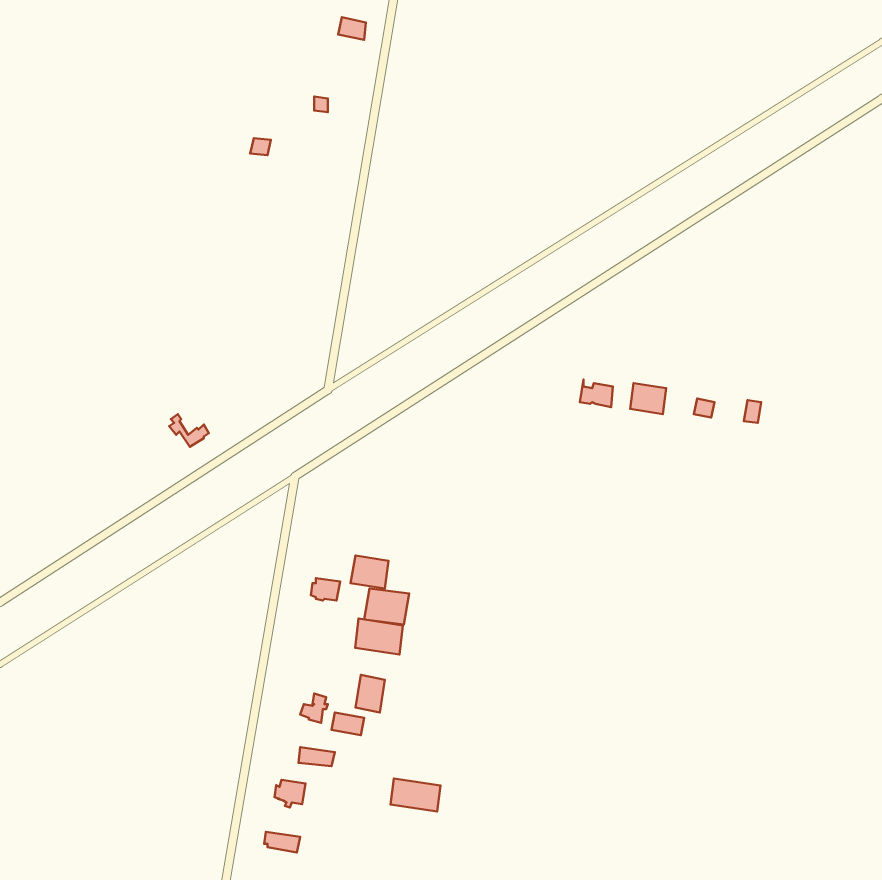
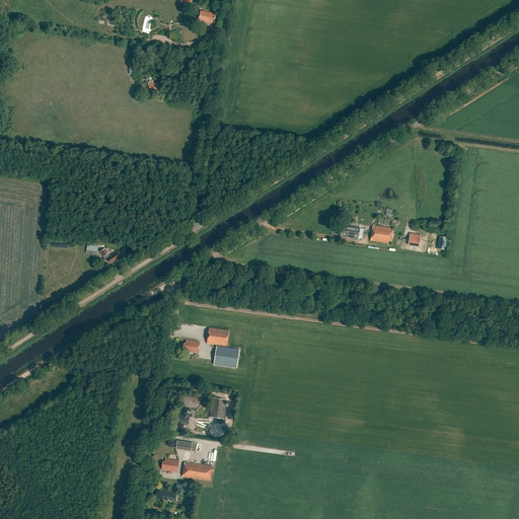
building: [355,619,403,655] -> none
building: [390,779,441,811] -> [182,461,212,480]

